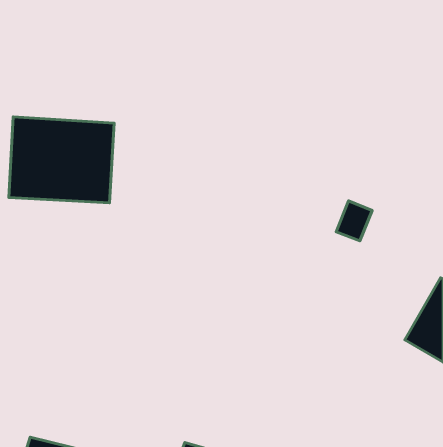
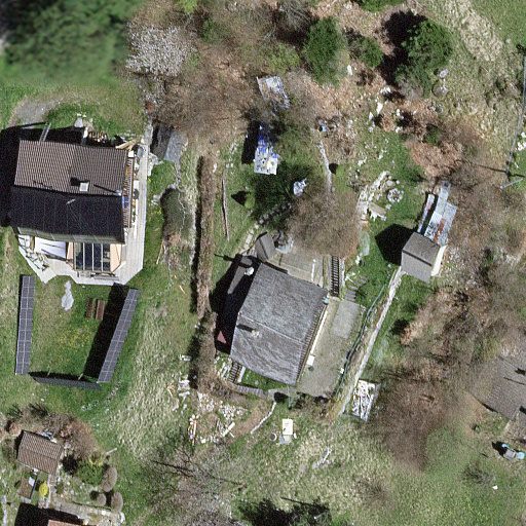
building: none -> [225,266,332,385]

